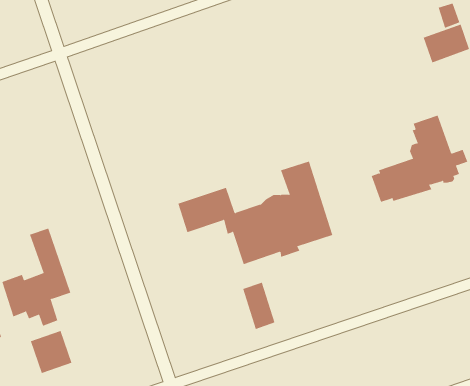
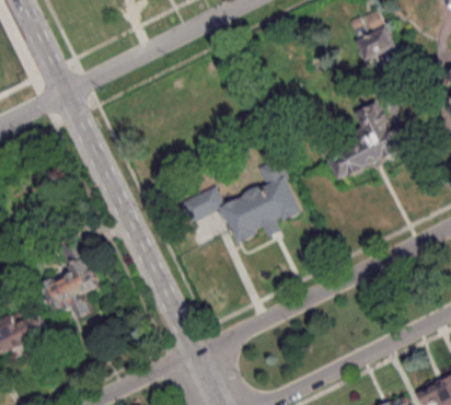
building: [242,282,275,330] -> none
building: [30,330,72,374] -> none

